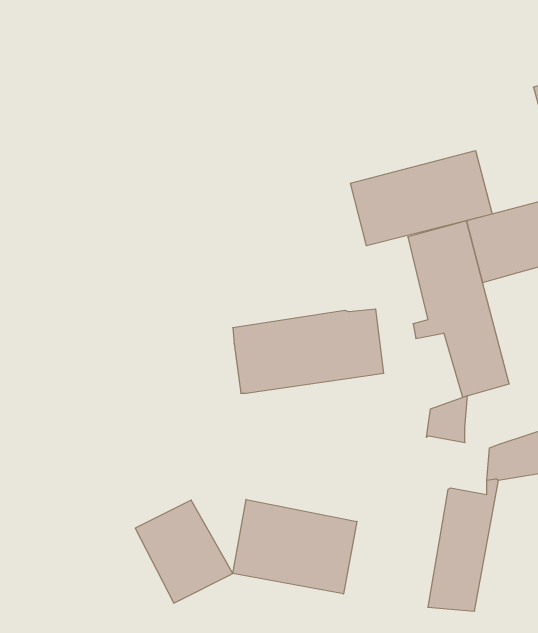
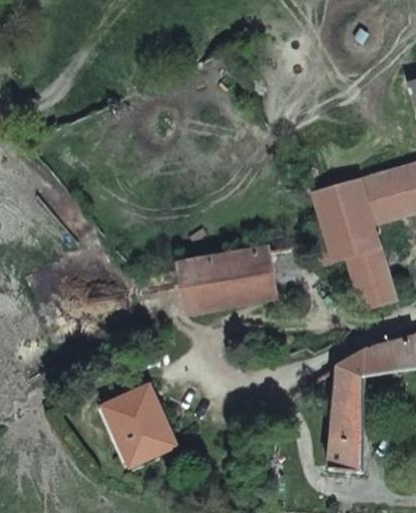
building: [350,151,492,246] -> none
building: [426,396,468,443] -> [341,350,372,385]
building: [233,499,357,594] -> none

